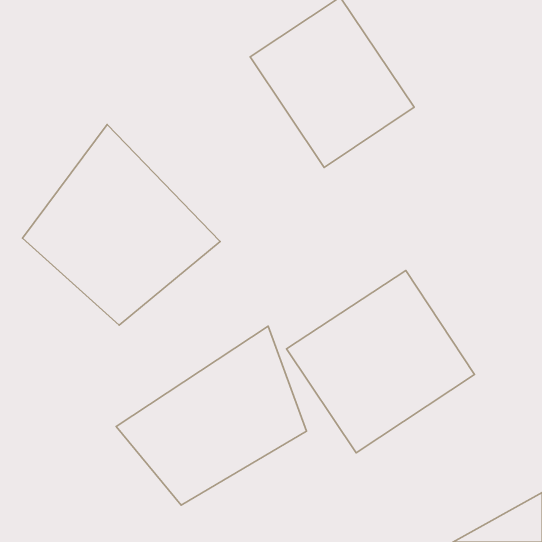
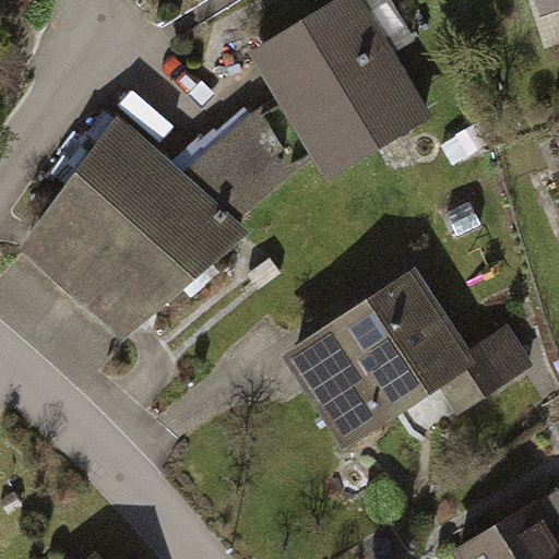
building: none -> [192,102,301,207]
building: [116,326,306,505] -> none

